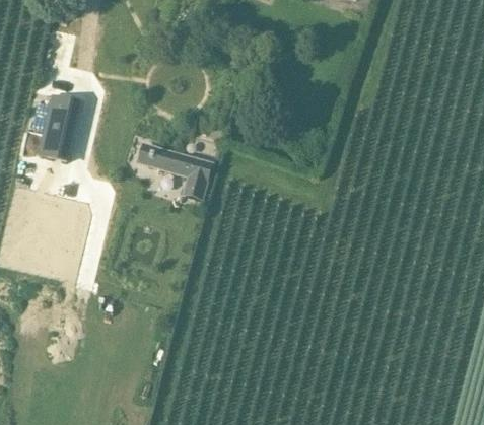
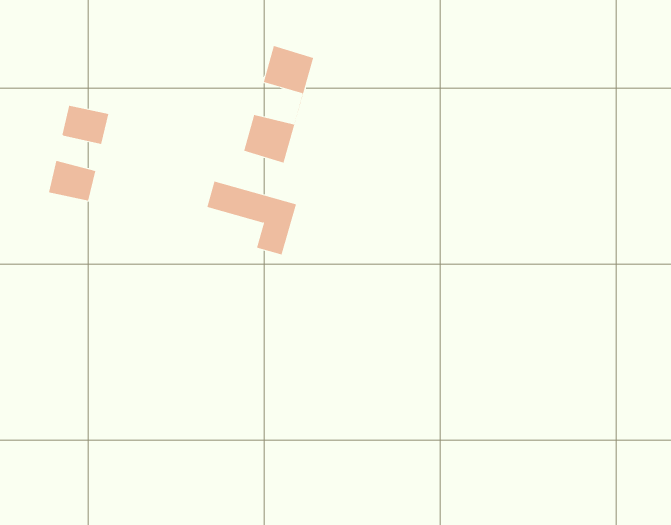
building: none -> [244,45,314,163]

